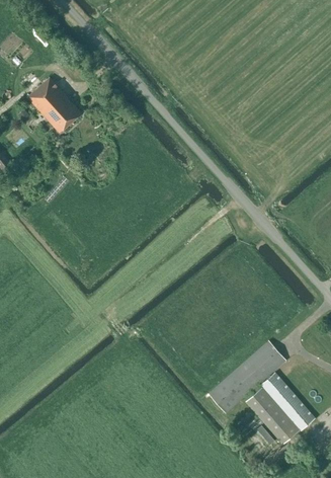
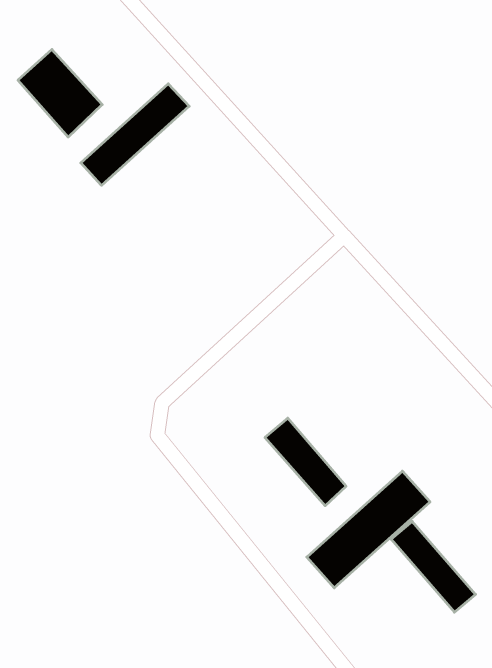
building: none -> [81,84,189,185]
building: [246,389,297,444] -> [265,418,346,506]

